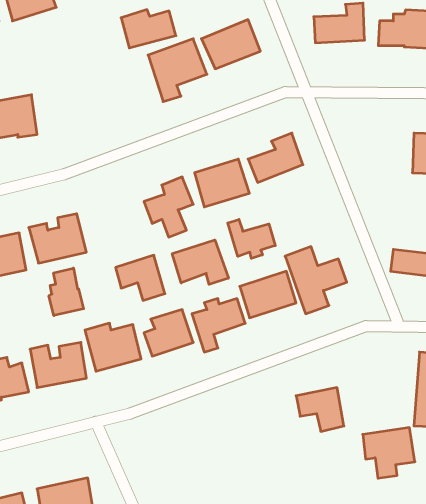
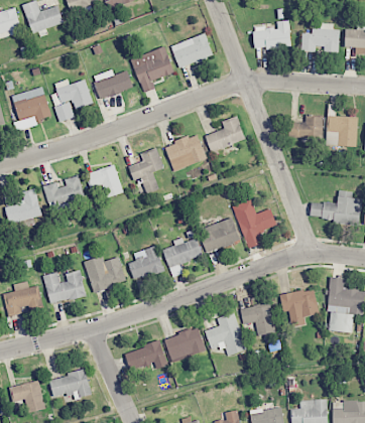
building: [121,10,176,48] -> [93,69,133,98]
building: none -> [50,79,93,122]
building: none -> [289,116,323,138]
building: [228,219,275,258] -> none
building: [172,240,228,284] -> none
building: [116,255,165,300] -> [87,164,123,197]
building: [49,268,84,316] -> none
building: none -> [205,313,246,356]
building: none -> [164,327,206,363]
building: [363,428,415,478] -> [280,289,319,326]
building: none -> [126,341,167,370]

